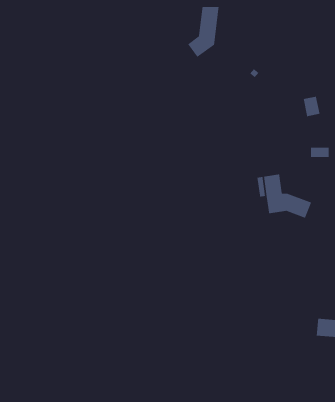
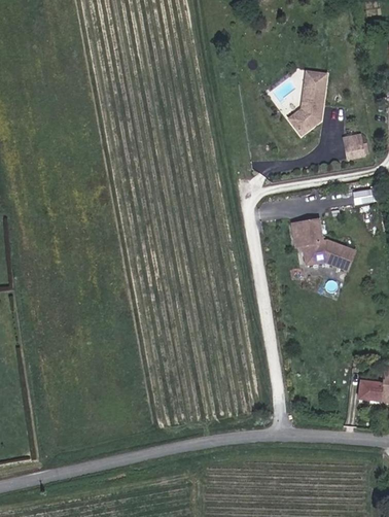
building: [187,6,219,58] -> [291,74,327,132]

